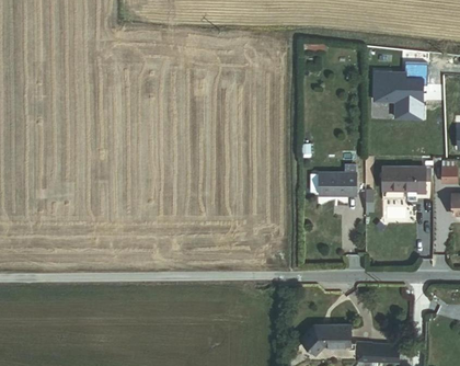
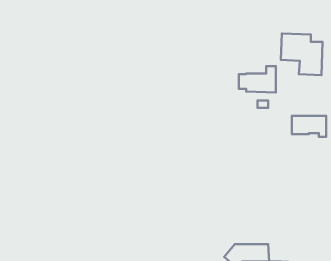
building: [311,163,356,195] -> [239,66,276,92]

